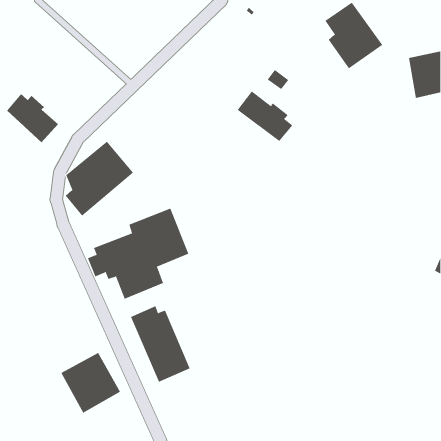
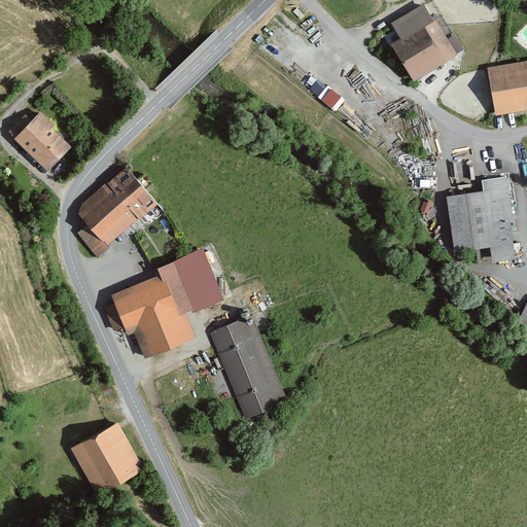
building: [237,91,293,142] -> none
building: none -> [447,177,517,262]
building: [130,306,190,382] -> [214,321,286,413]

